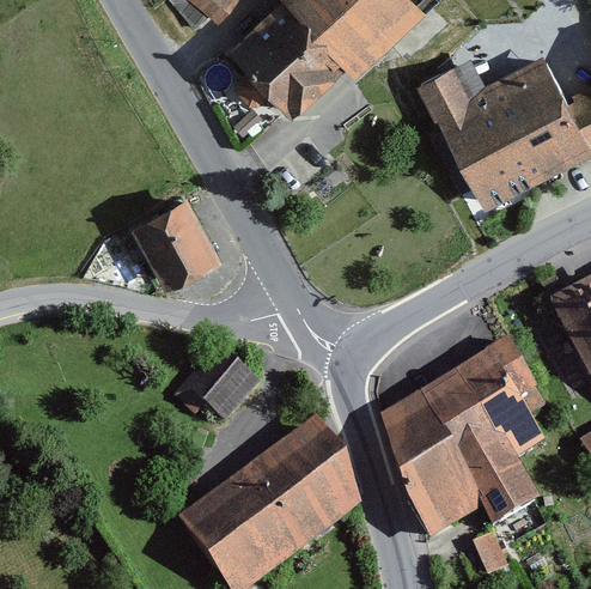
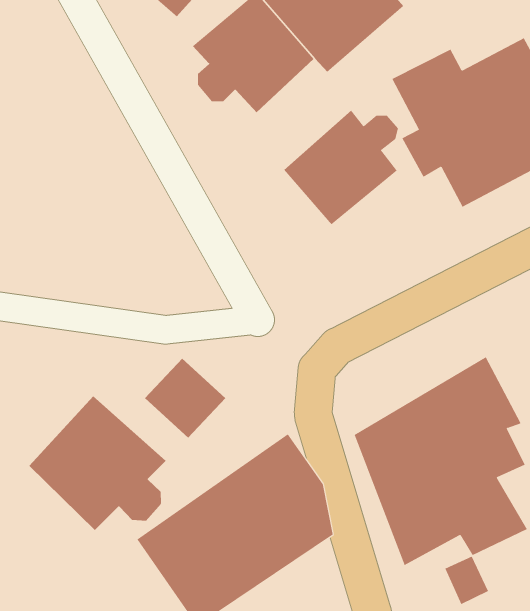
building: none -> [284,110,399,225]
building: [127,190,221,289] -> none
building: none -> [29,395,167,531]

